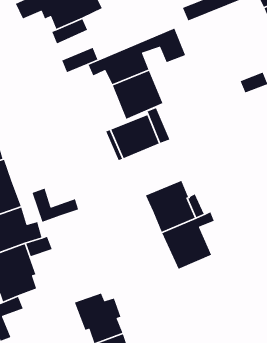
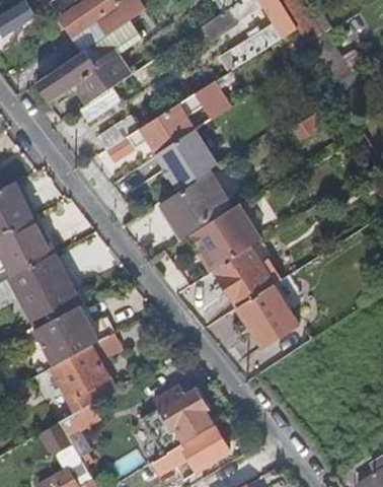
building: none -> [192,203,261,272]
building: [31,188,79,223] -> none

